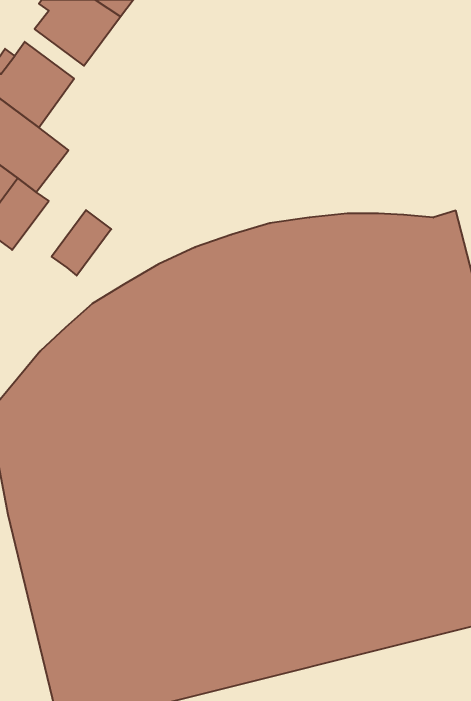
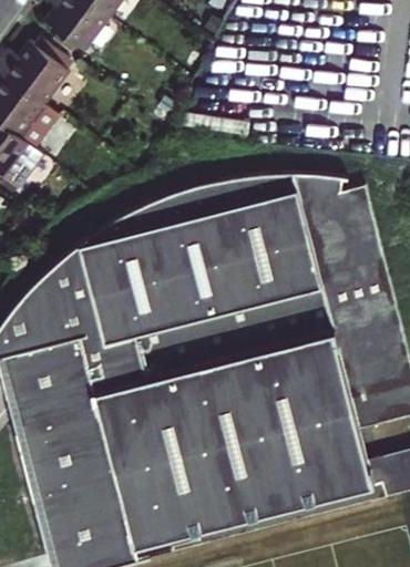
building: [52,210,111,276] -> none

